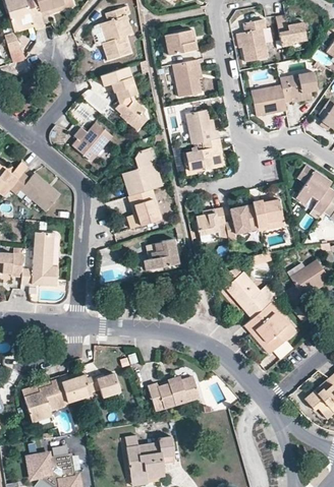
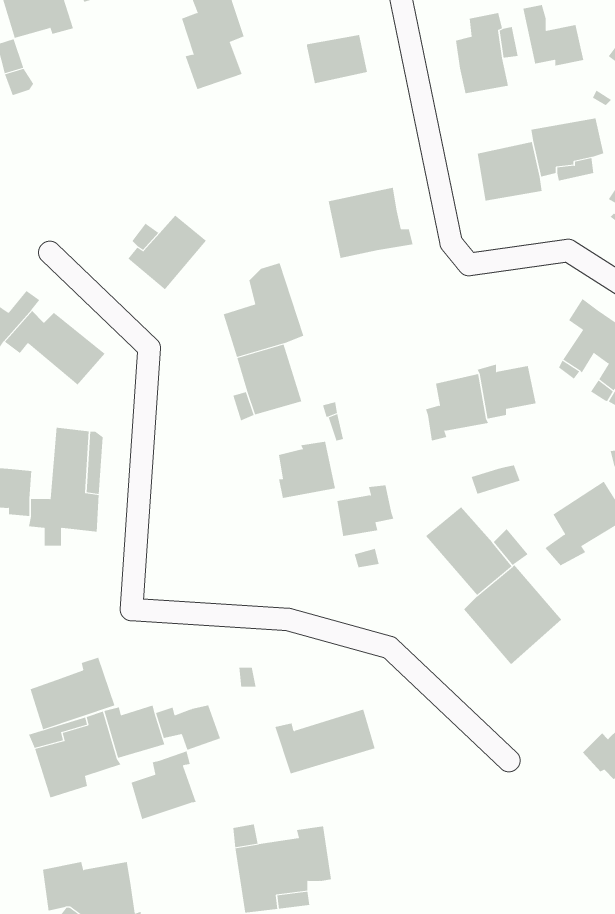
building: [171,60,201,98] -> none
building: [101,70,148,130] -> none
building: [183,138,224,171] -> none
building: [197,208,226,235] -> [337,485,394,537]
building: none -> [30,657,115,730]
building: none -> [131,750,197,820]

